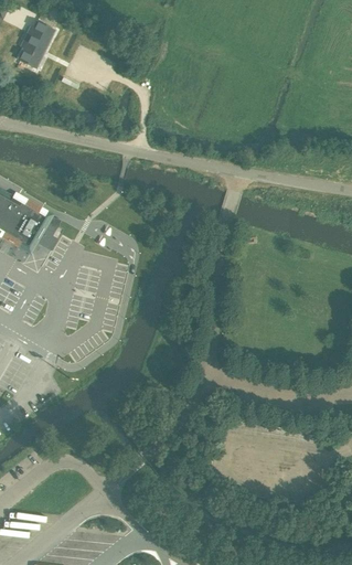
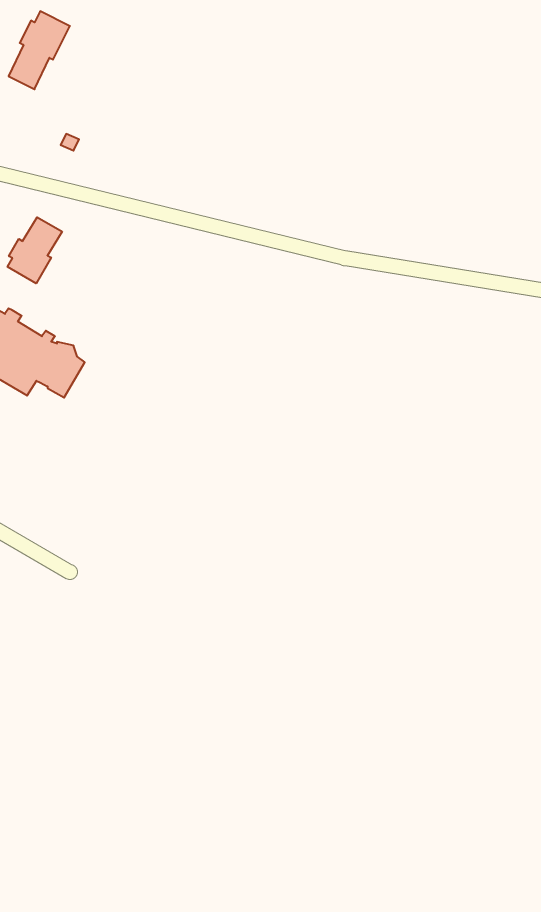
building: none -> [8,217,62,283]

